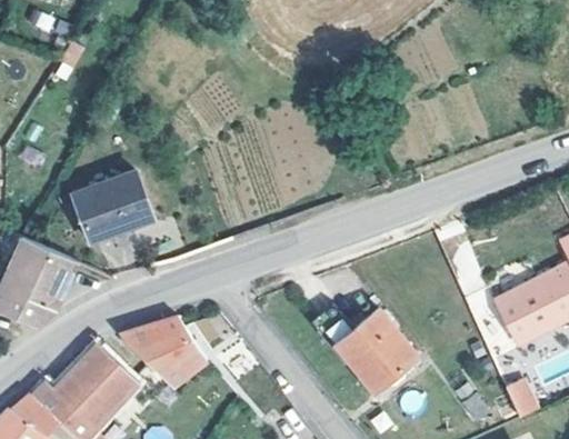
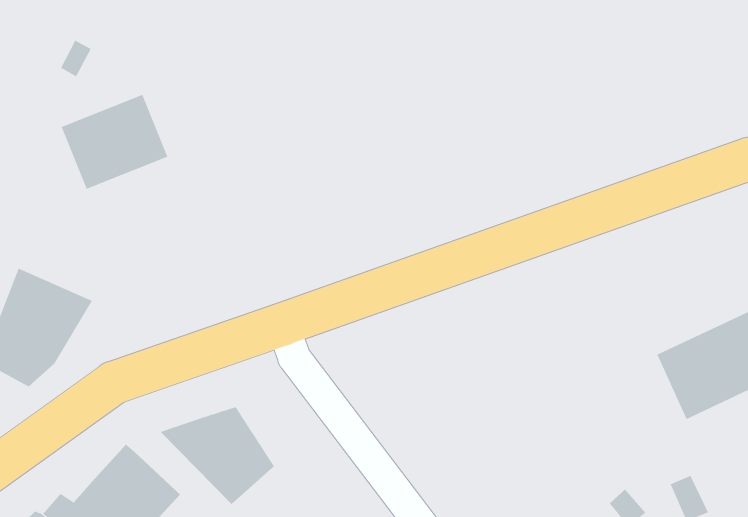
building: [78,183,158,255] -> [61,94,168,189]
building: [336,308,413,386] -> none

